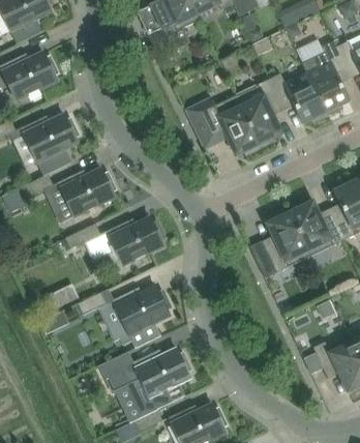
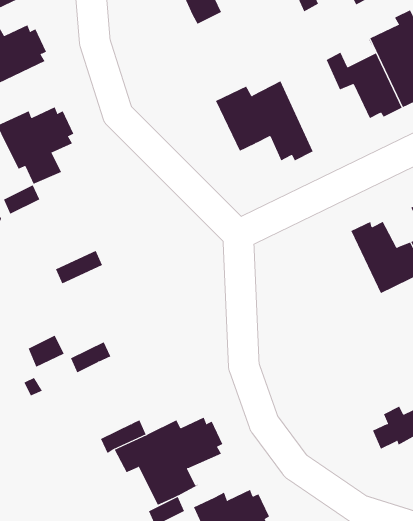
building: [235,79,281,148] -> none
building: [57,169,116,216] -> none
building: [265,208,310,272] -> none
building: [107,217,166,265] -> none
building: [112,287,171,348] -> none

